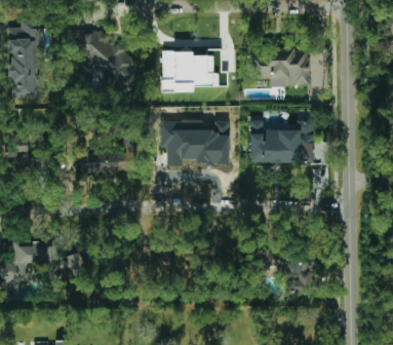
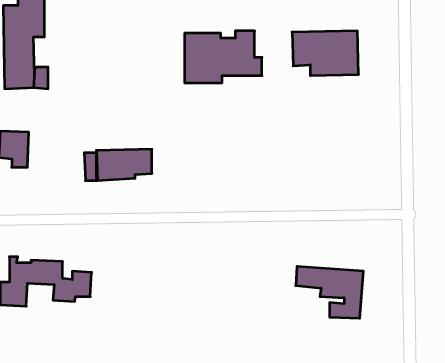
building: [77,32,136,91] -> none
building: [249,120,312,163] -> none
building: [160,121,230,166] -> none

